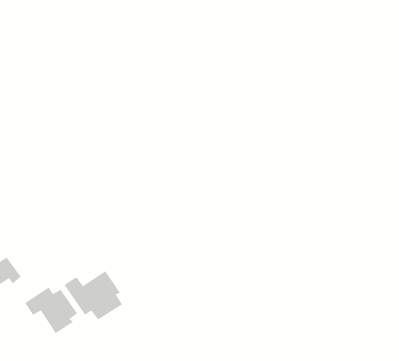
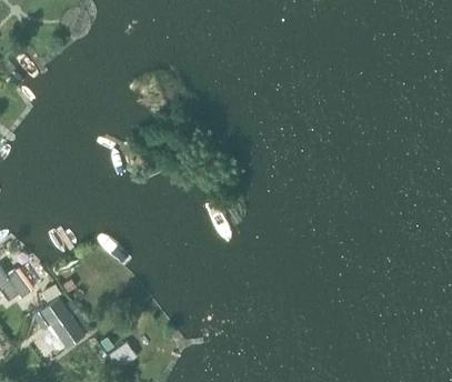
building: [64,270,123,321] -> none

